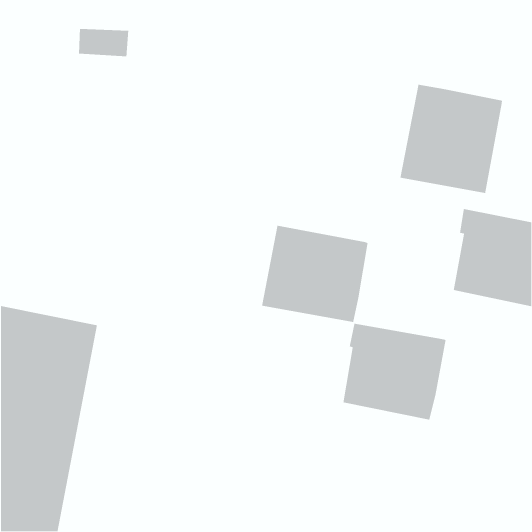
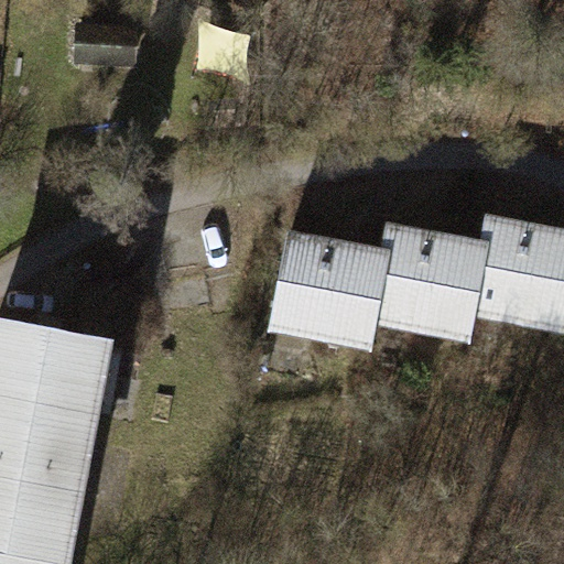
building: [400,84,503,194] -> none
building: [343,323,447,421] -> [380,230,490,334]

